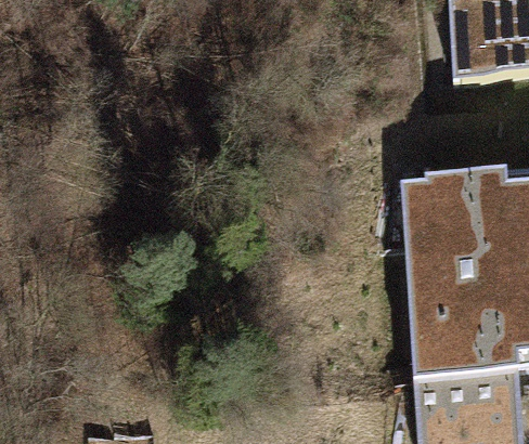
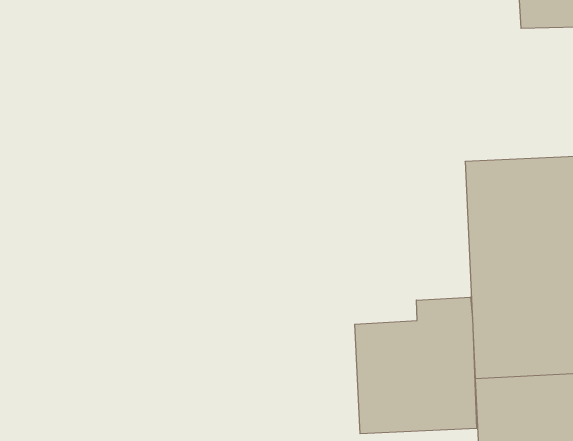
building: none -> [355,297,477,434]

